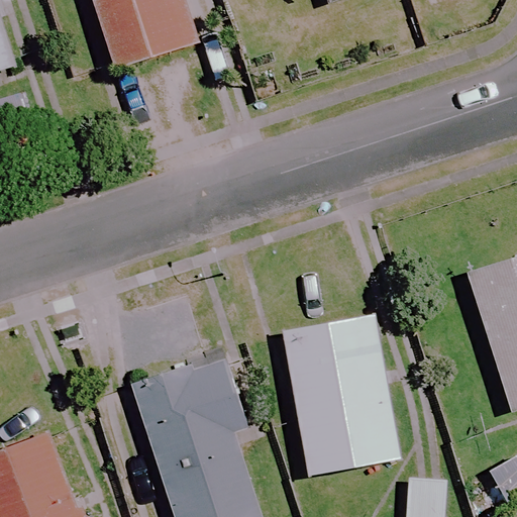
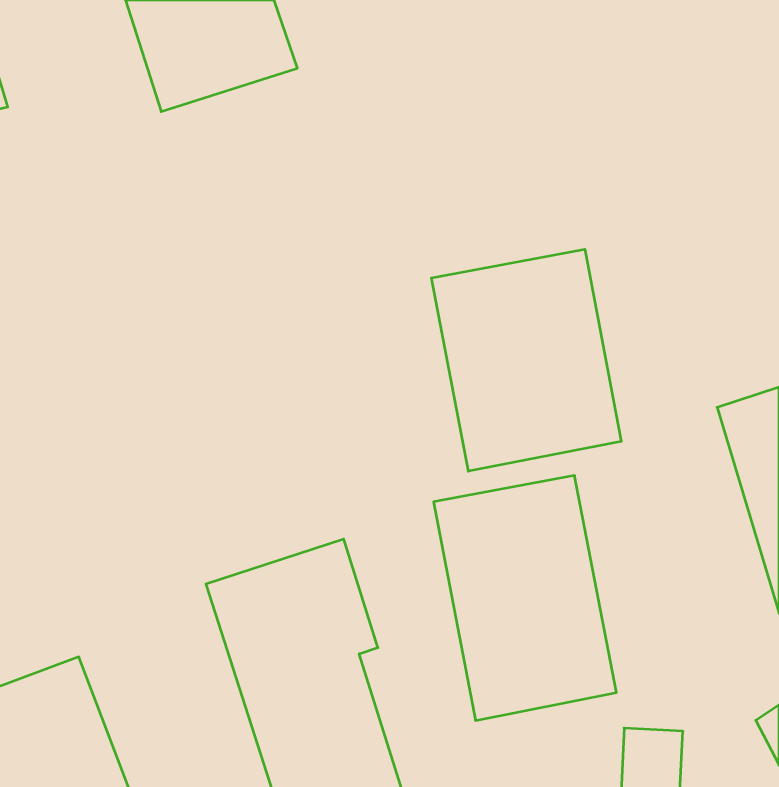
building: none -> [431,249,621,471]

